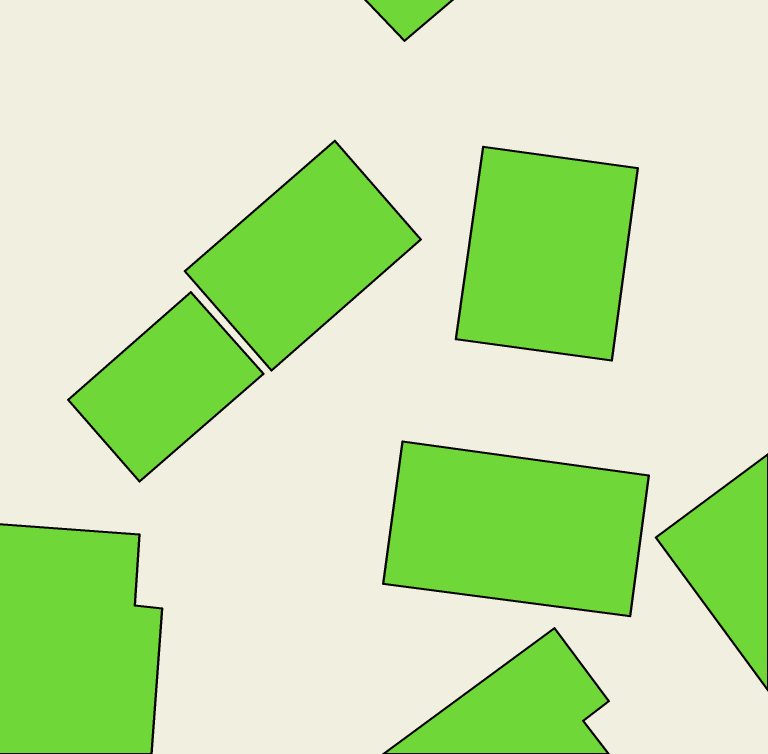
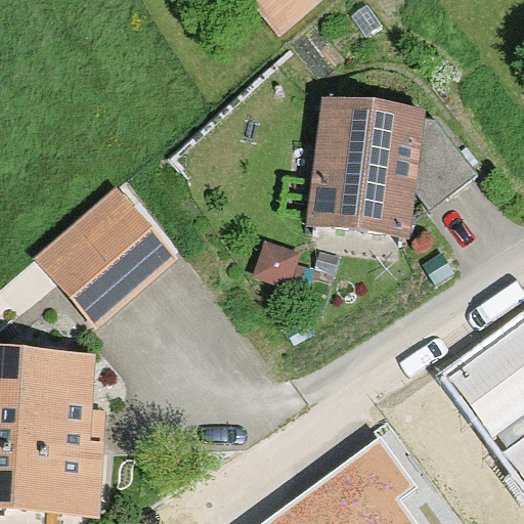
building: [185,141,421,371] -> none
building: [383,442,649,616] -> none

